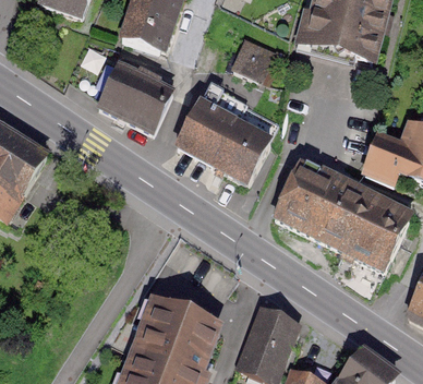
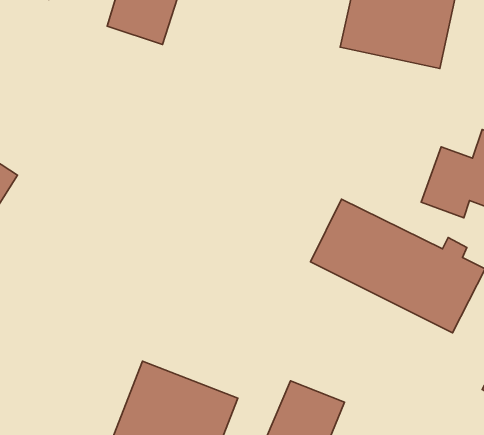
building: [229,41,273,87] -> none
building: [96,56,176,130] -> none
building: [174,96,271,182] -> none

